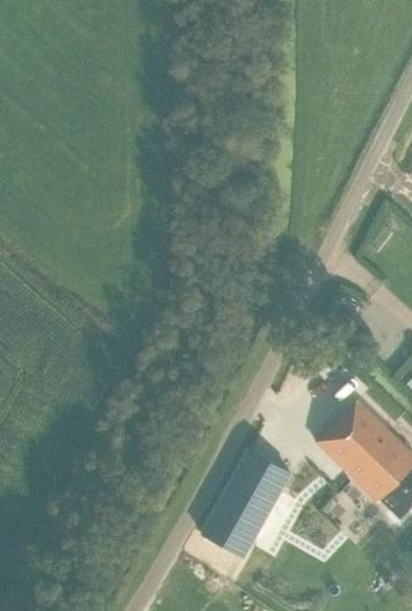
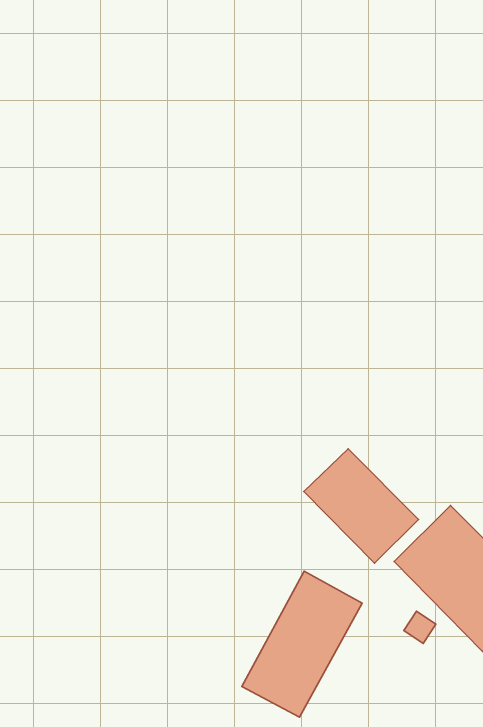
building: none -> [304,449,419,563]

